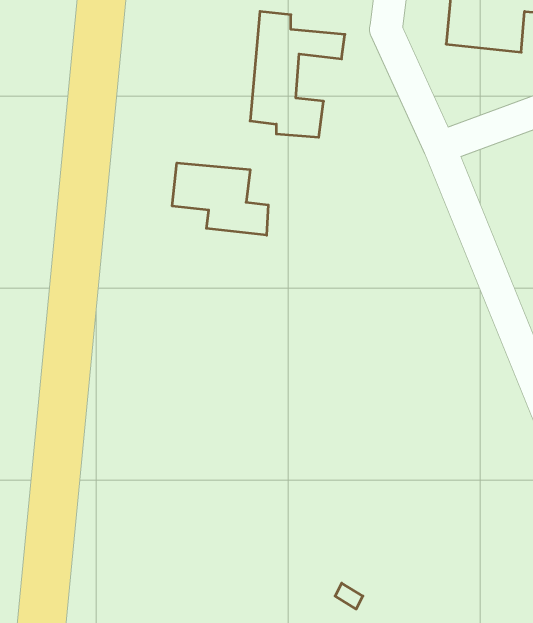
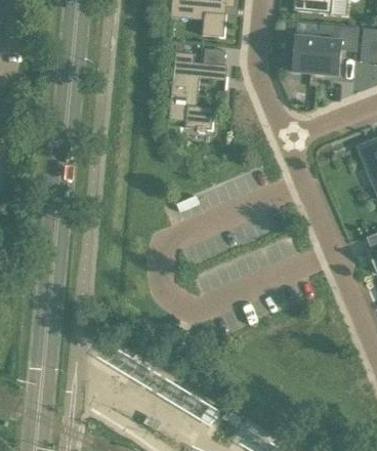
building: [172,163,268,235] -> none

